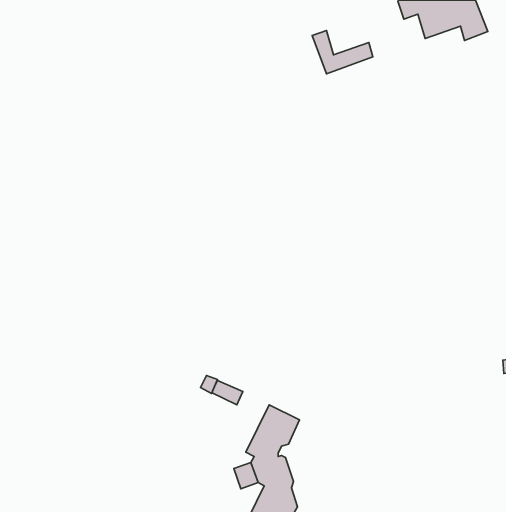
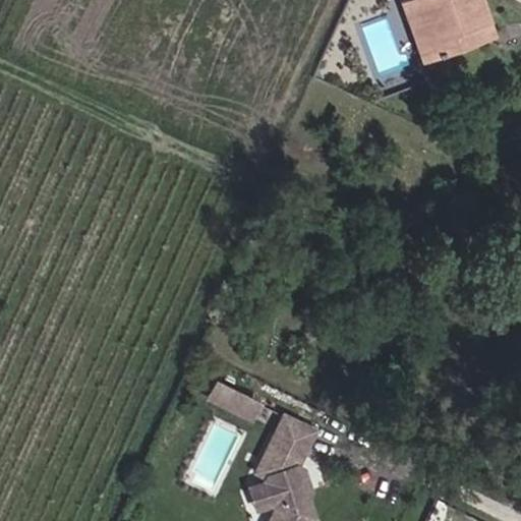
building: [312,30,373,74] -> [417,19,478,63]

